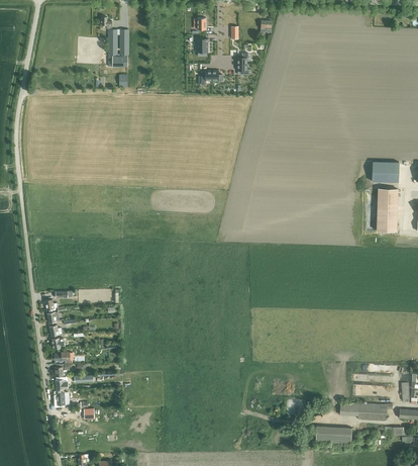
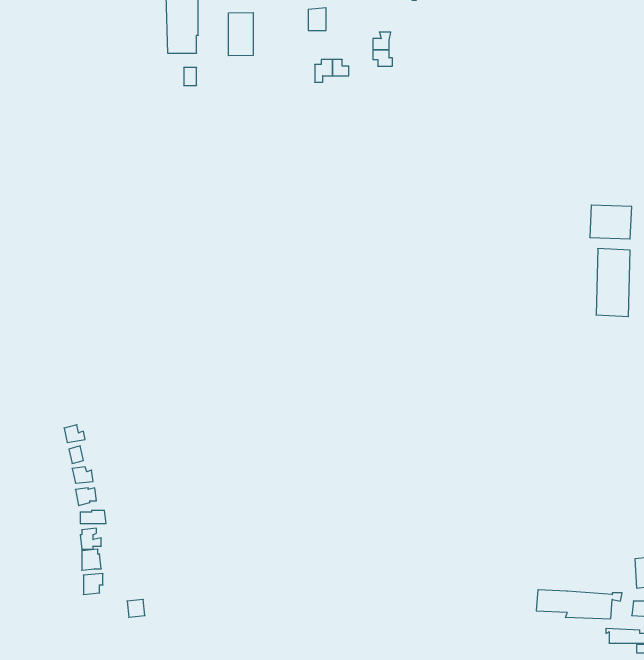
building: none -> [229,13,253,56]
building: [319,422,354,441] -> none

